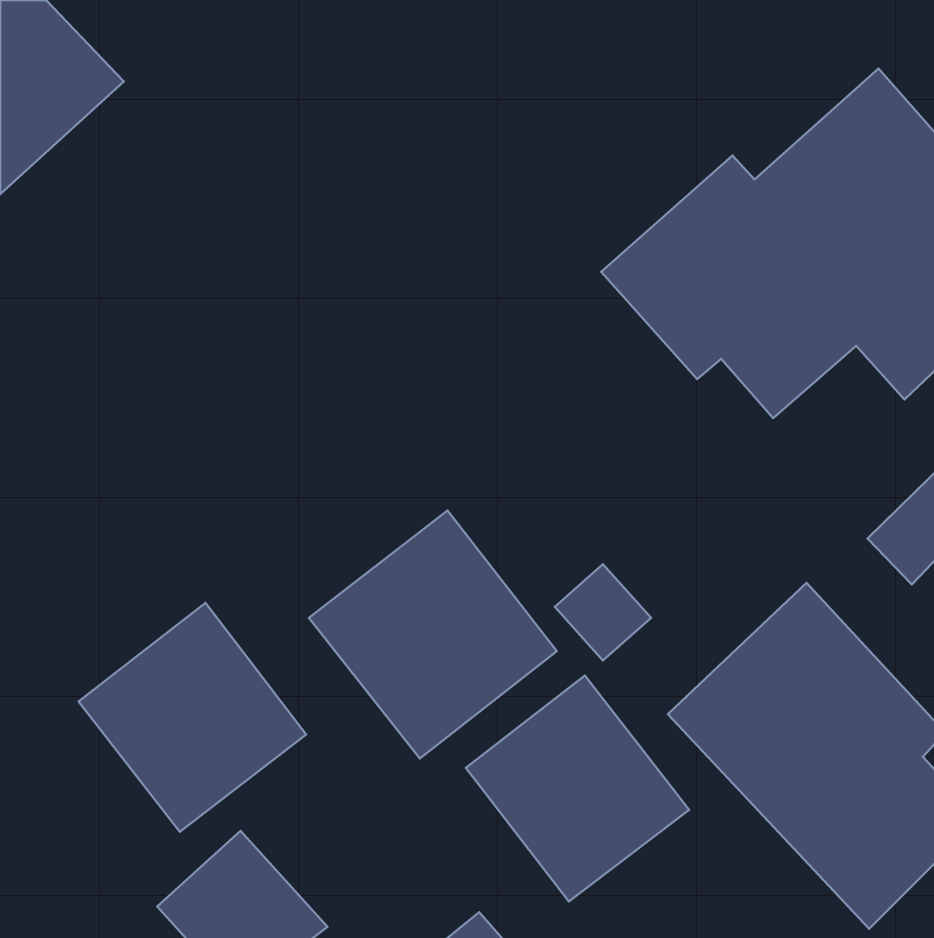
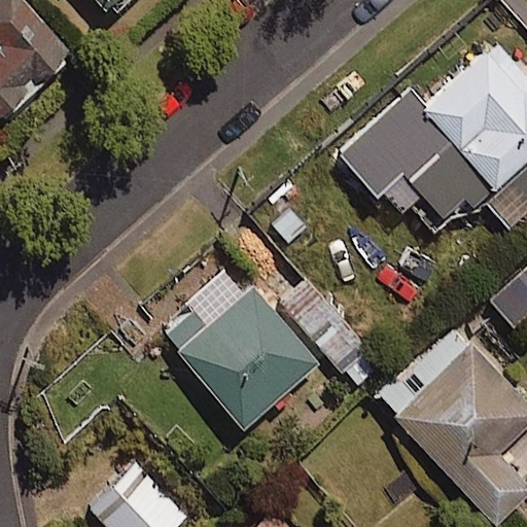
building: [79,603,306,832] -> none
building: [466,676,689,902] -> none

